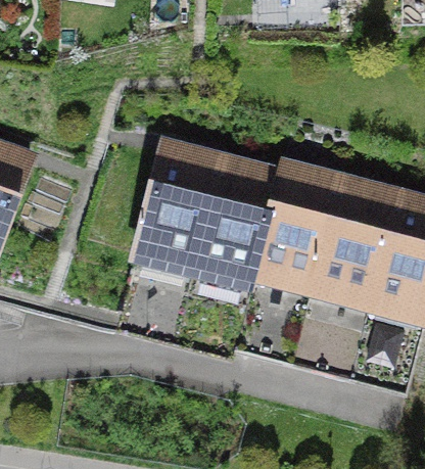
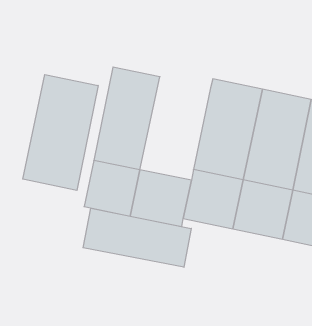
building: none -> [23,75,98,190]
building: [193,148,281,271] -> none
building: none -> [83,208,191,267]

